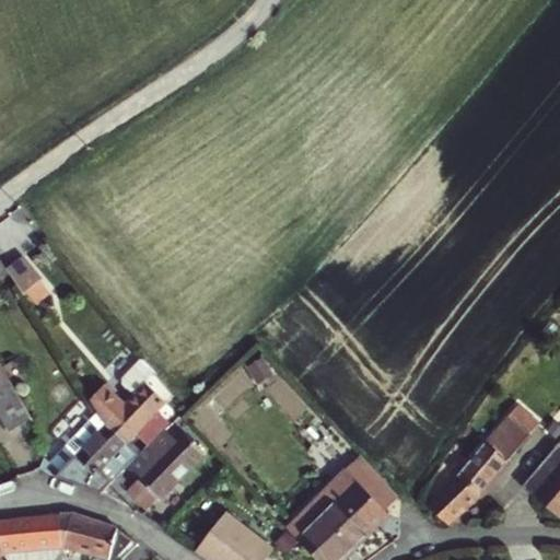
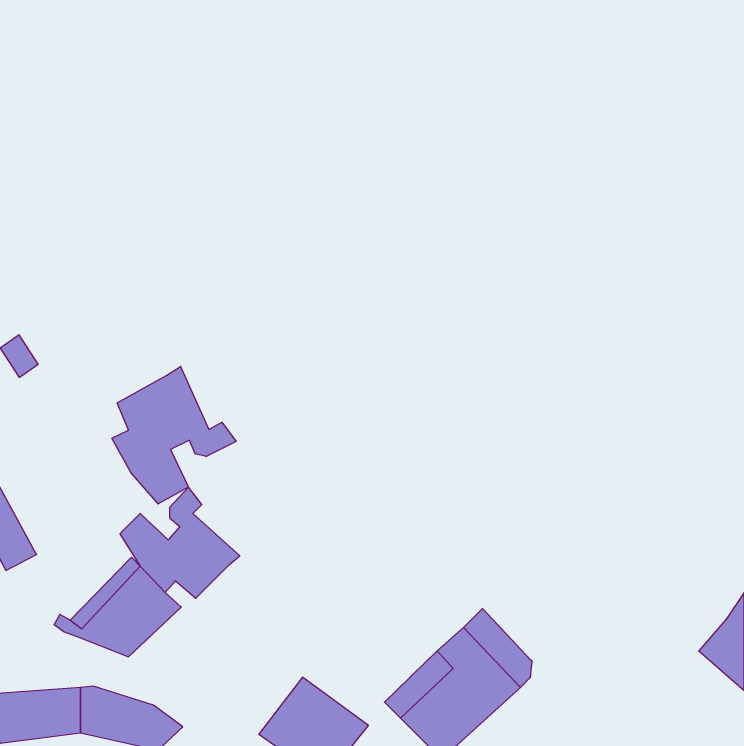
building: none -> [112,366,236,504]
building: [430,412,530,523] -> none
building: [125,423,202,509] -> none

